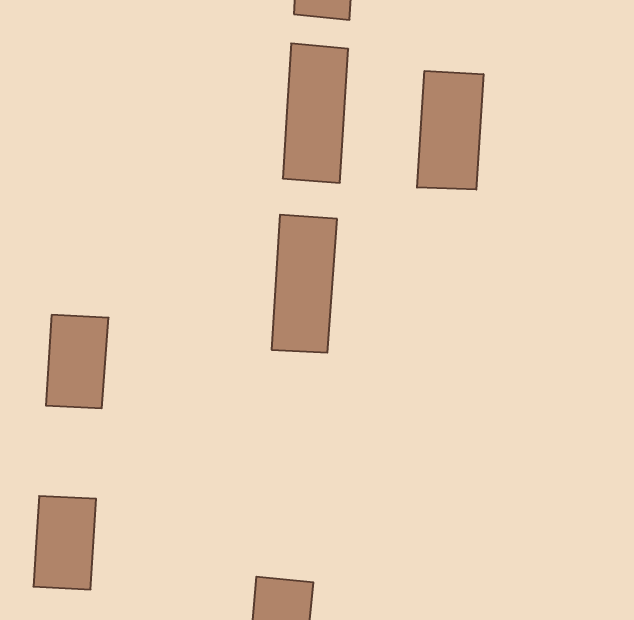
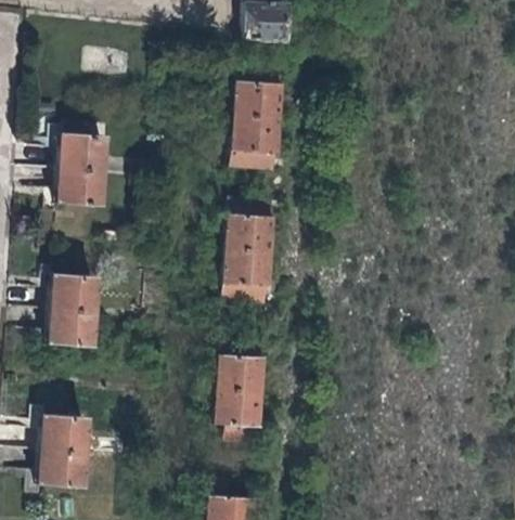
building: [417,71,483,190] -> none
building: none -> [57,133,105,206]
building: none -> [214,339,265,444]

